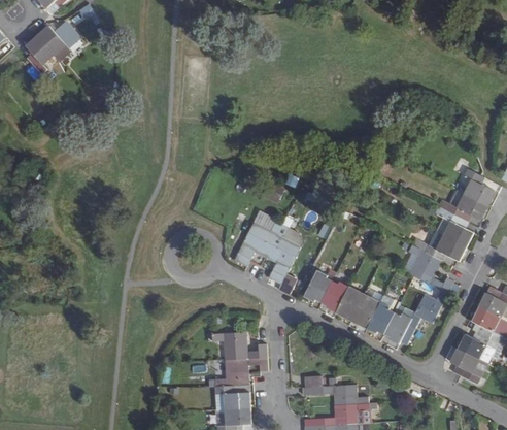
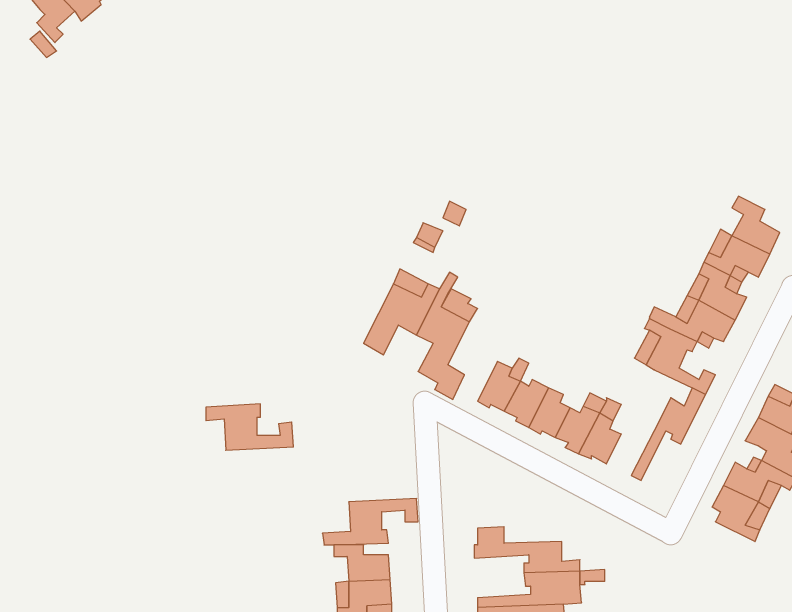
building: [384,309,414,344] -> none
building: [211,330,266,359] -> [206,404,293,450]

